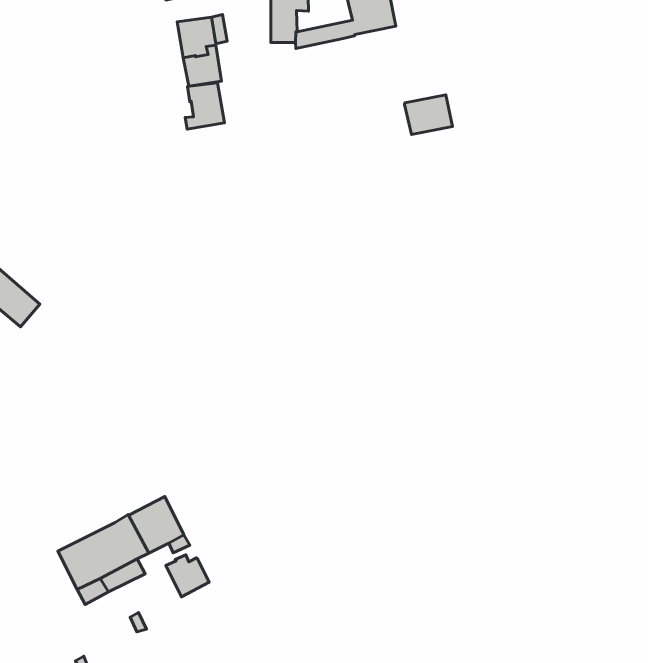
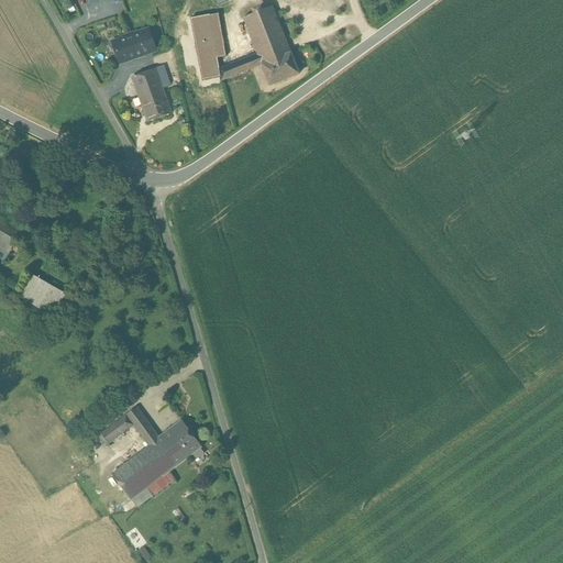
building: [185,83,225,129] -> none
building: [404,95,452,134] -> [261,51,298,84]
building: none -> [100,406,158,444]
building: [166,555,209,597] -> none

